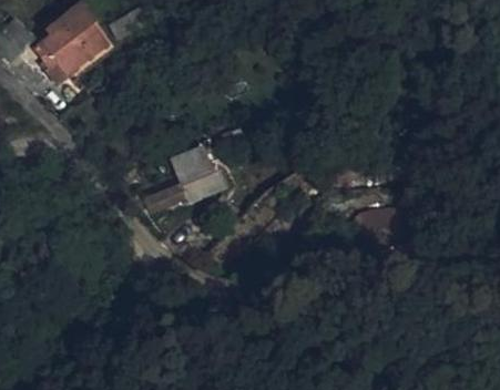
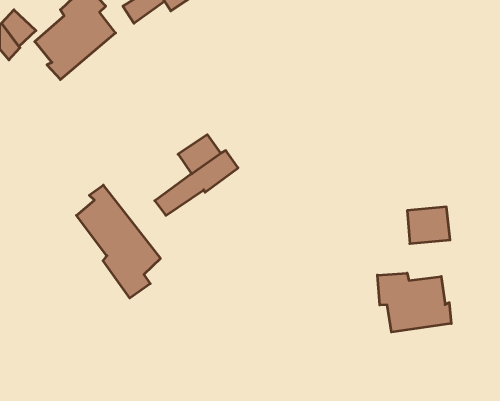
building: none -> [76,185,160,298]
building: none -> [377,273,451,332]

